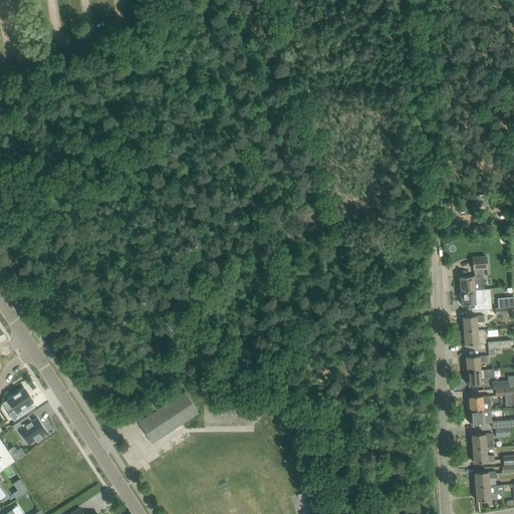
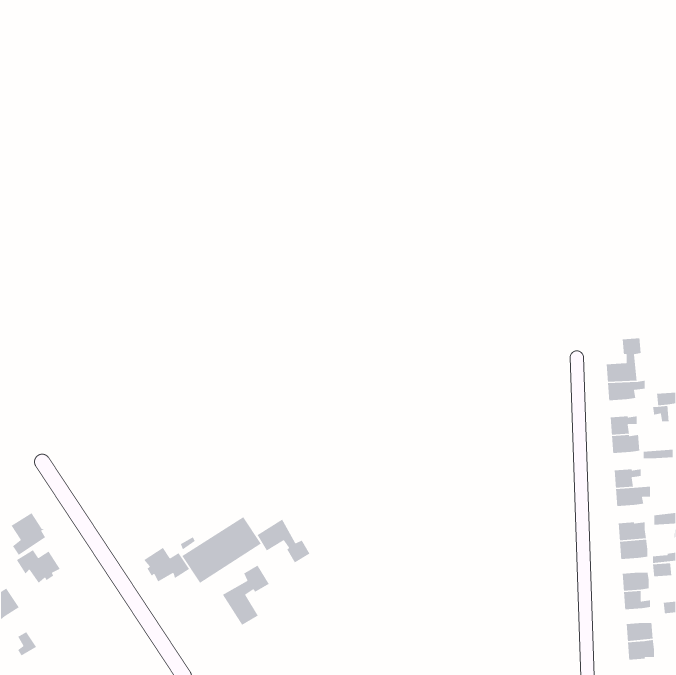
building: none -> [256,518,310,564]
building: none -> [143,547,190,583]
building: none -> [222,565,270,626]

